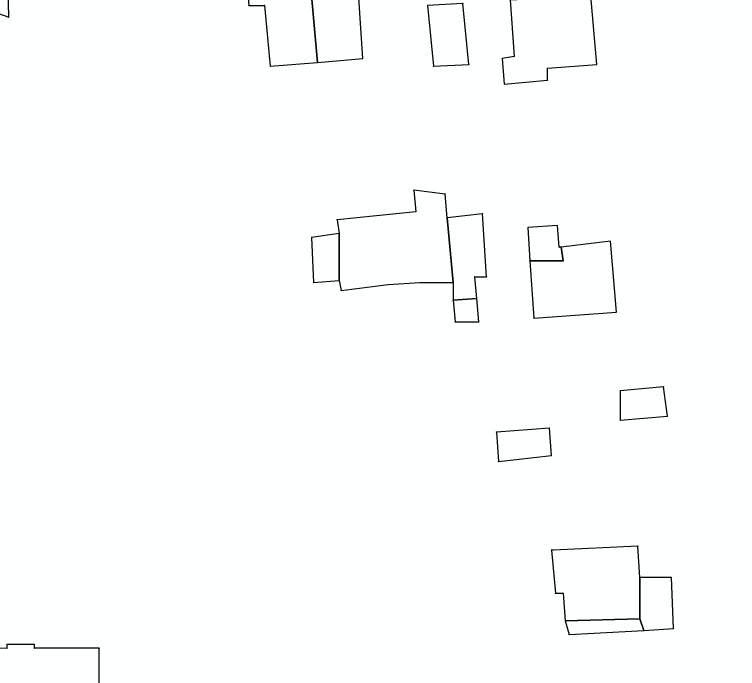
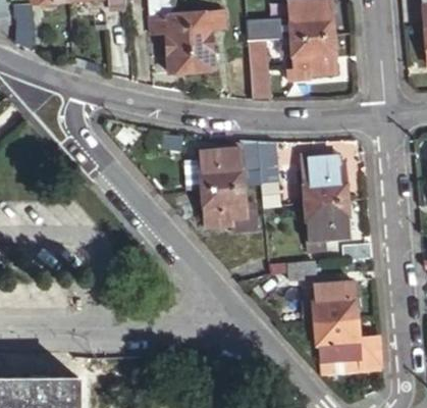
building: none -> [204,187,248,227]
building: none -> [304,202,350,252]
building: none -> [297,282,358,325]

